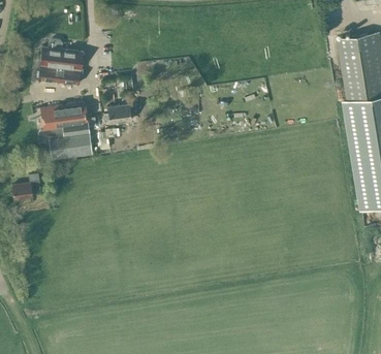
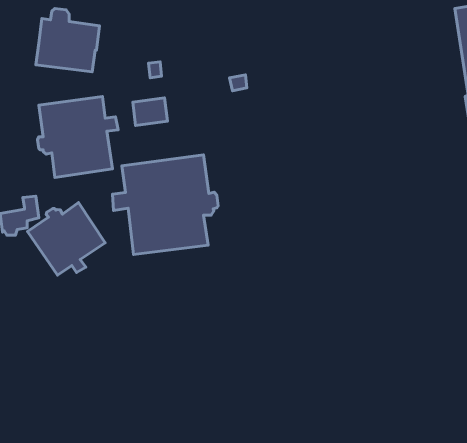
building: none -> [113,155,218,254]
building: none -> [28,203,105,275]

